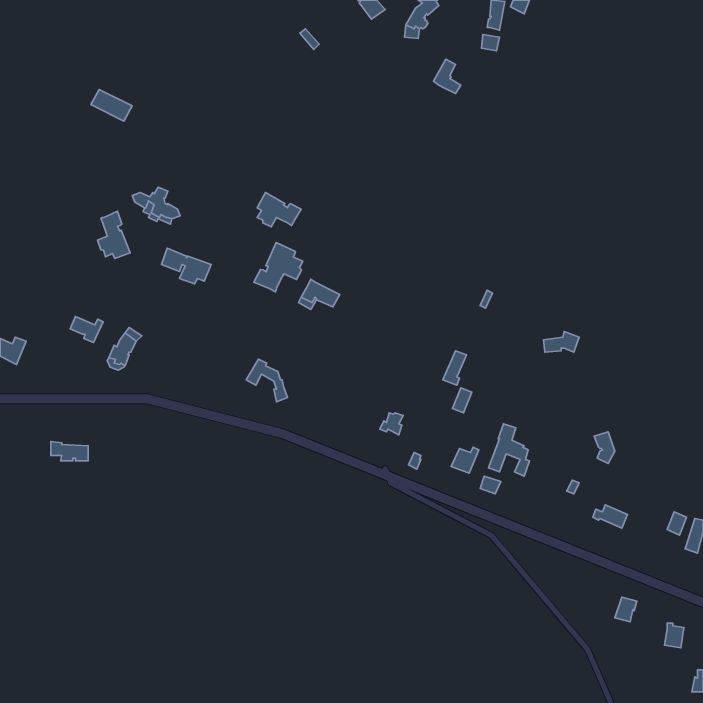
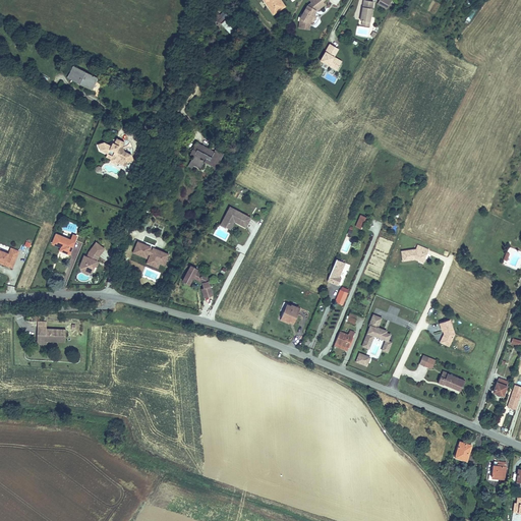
building: [98,211,130,259] -> none
building: [254,242,303,292] -> none
building: [162,248,211,284] -> [133,242,170,269]

